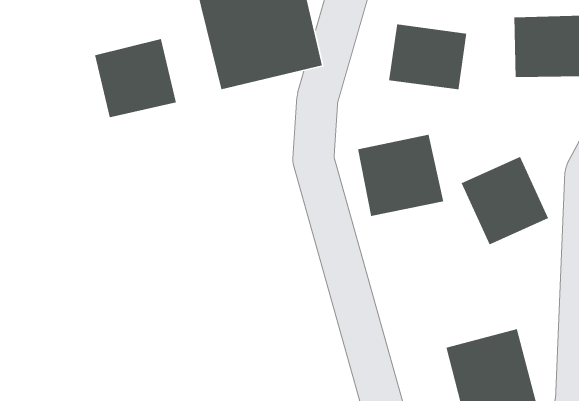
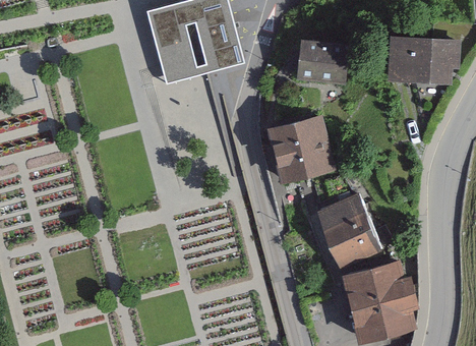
building: [94,38,177,118] -> none
building: [461,156,549,246] -> [313,197,379,265]

